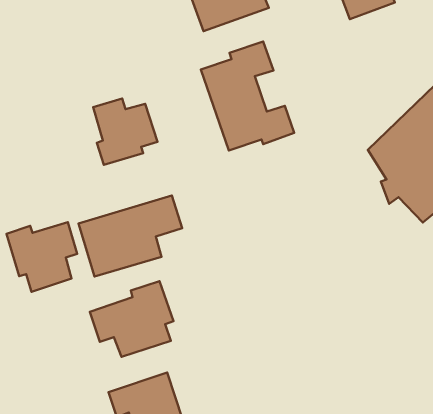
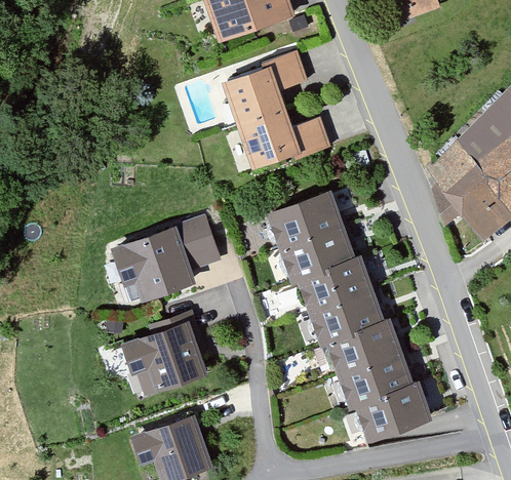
building: [93,98,158,165] -> none
building: none -> [264,189,432,434]
building: [7,222,77,292] -> none

